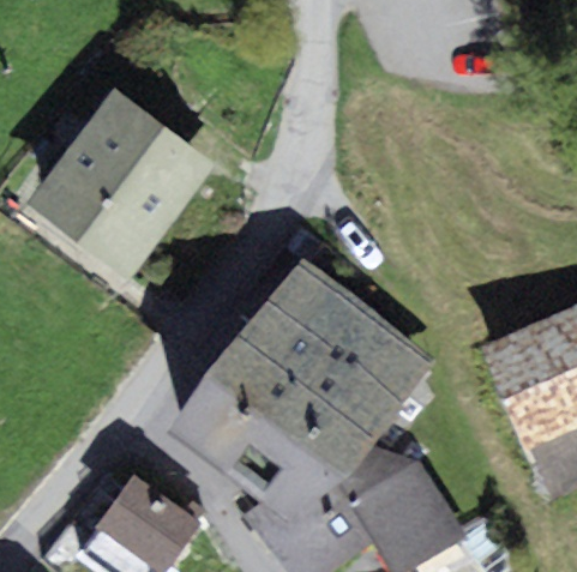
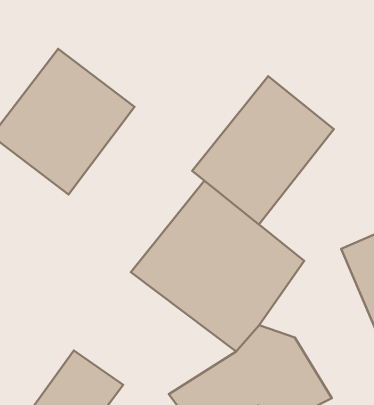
building: none -> [192,76,334,224]
building: [166,375,344,532] -> none

